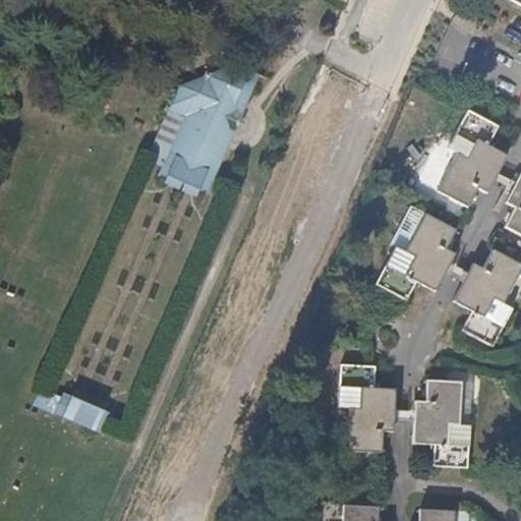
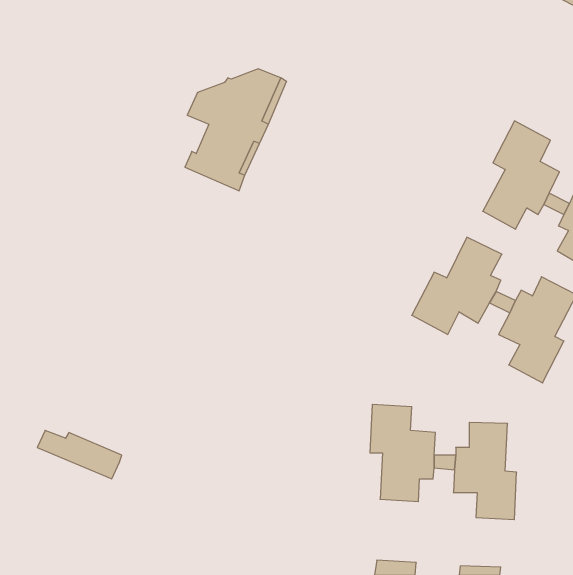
building: [149,104,219,198] -> none

